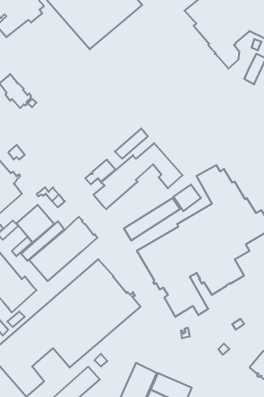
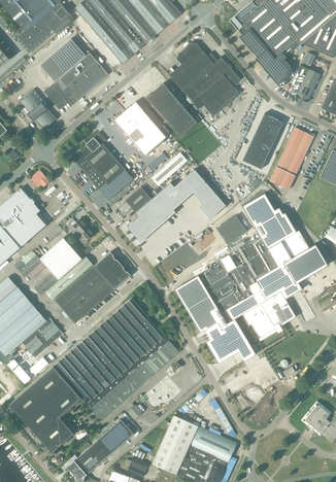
building: none -> [40,38,108,108]
building: none -> [172,41,241,115]
building: none -> [146,82,197,136]
building: none -> [114,100,166,154]
building: none -> [242,112,283,168]
building: none -> [270,127,313,188]
building: none -> [73,132,134,200]

